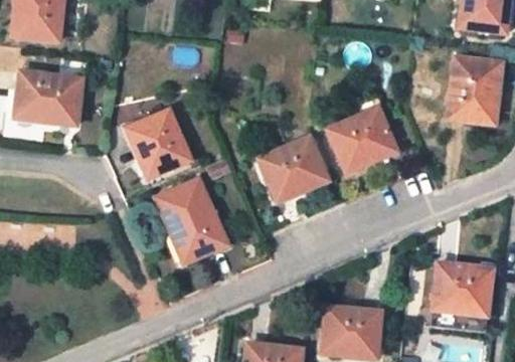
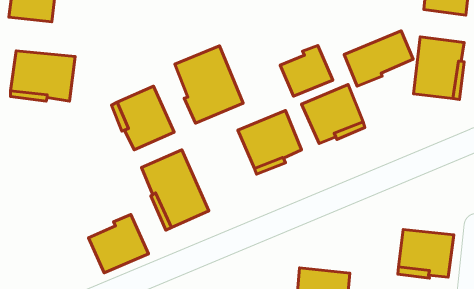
building: none -> [344,31,413,86]
building: none -> [280,45,333,96]
building: none -> [175,46,243,123]
building: none -> [89,215,149,273]

